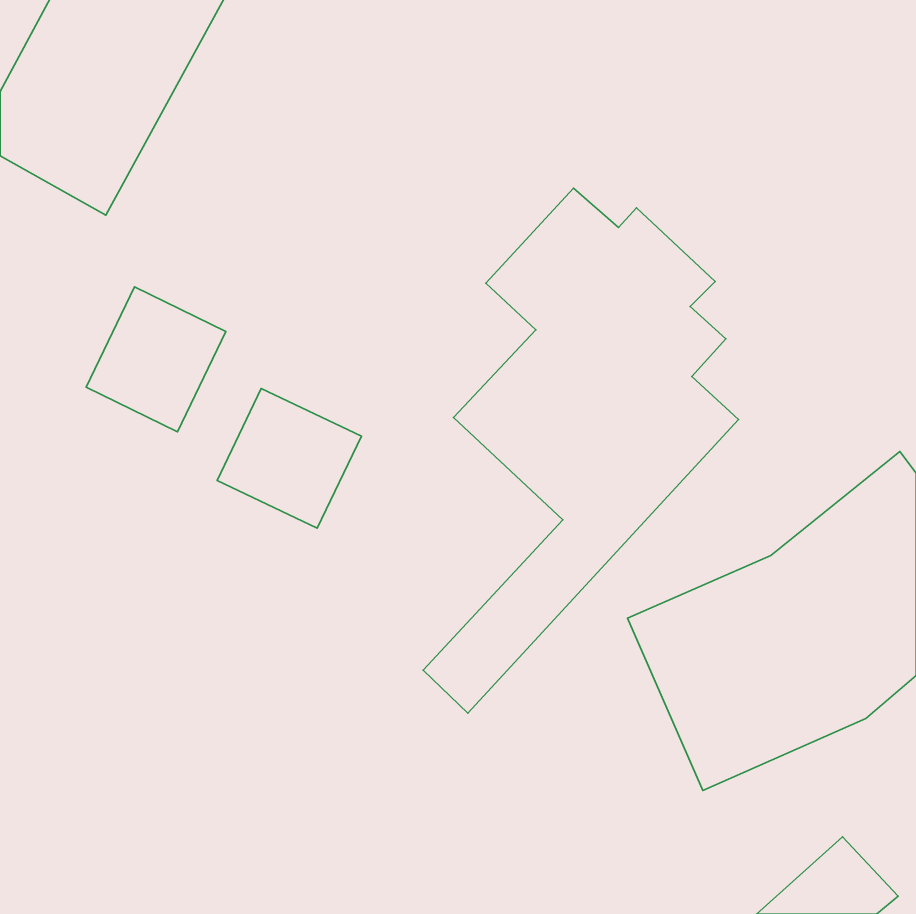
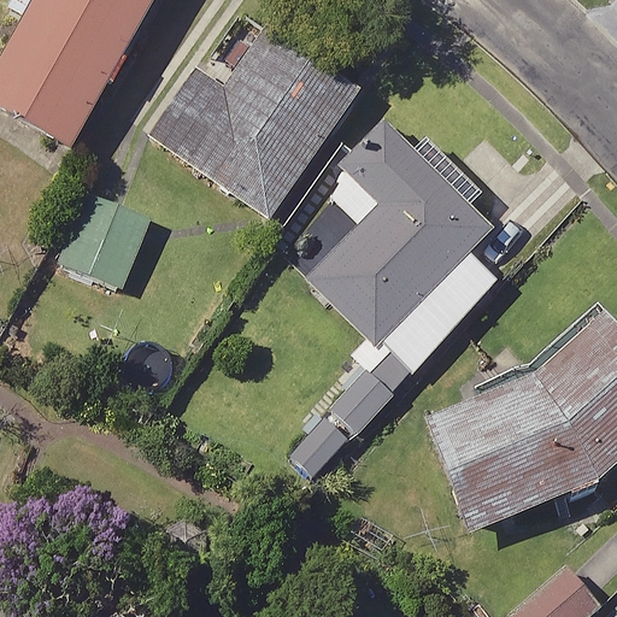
building: none -> [149,27,358,219]
building: [217,389,361,528] -> none

